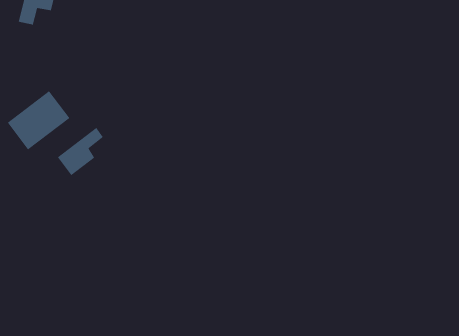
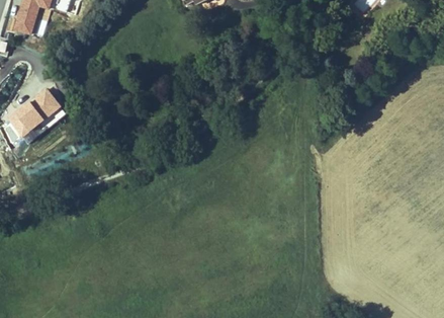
building: [57,127,104,176] -> none

